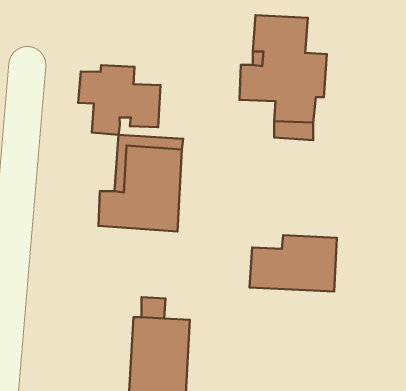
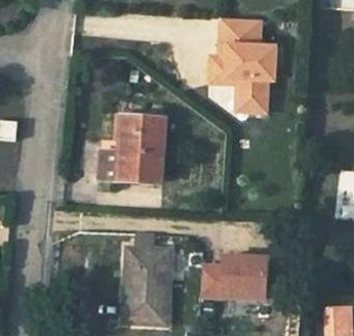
building: [78,65,161,135] -> none
building: [250,235,337,292] -> [199,257,266,300]

